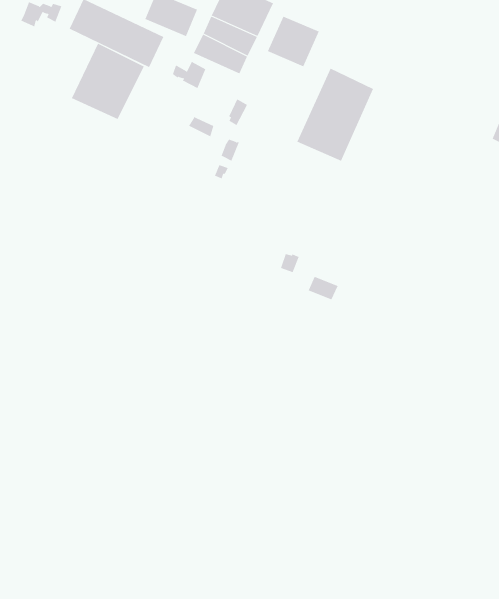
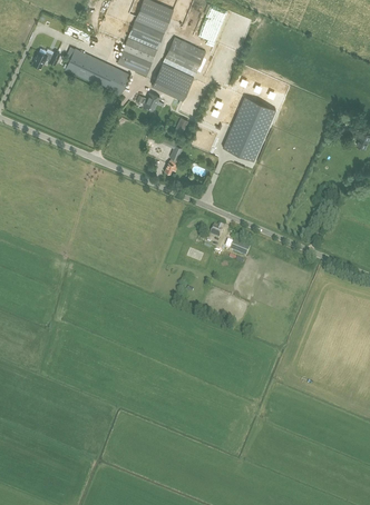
building: [267,16,320,67] -> none
building: [71,43,144,120] -> none

